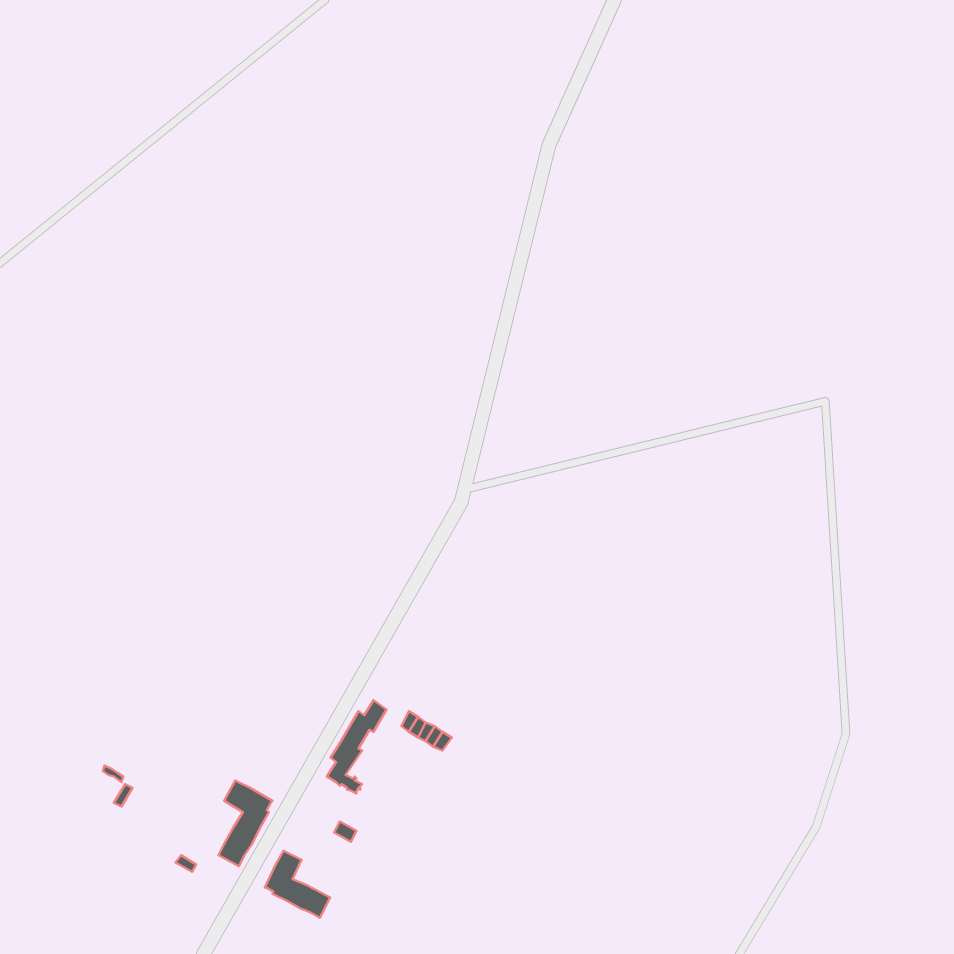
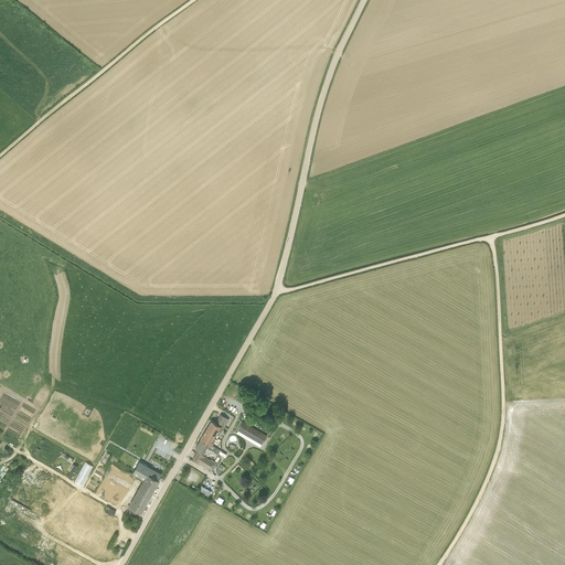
building: [265,851,330,918] -> none

